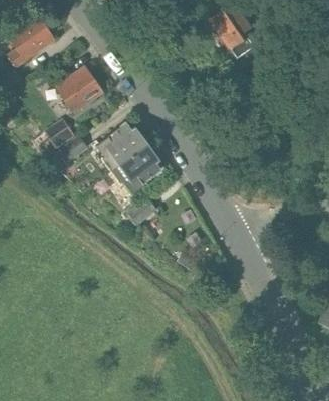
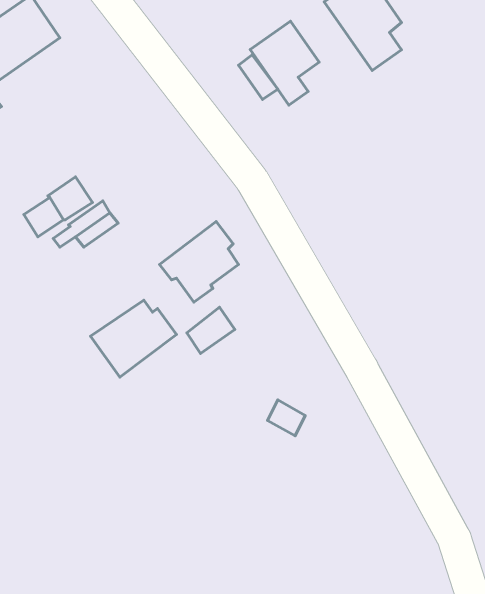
building: none -> [250,21,319,105]
building: [53,66,102,110] -> none
building: [95,126,145,171] -> [91,300,176,377]

